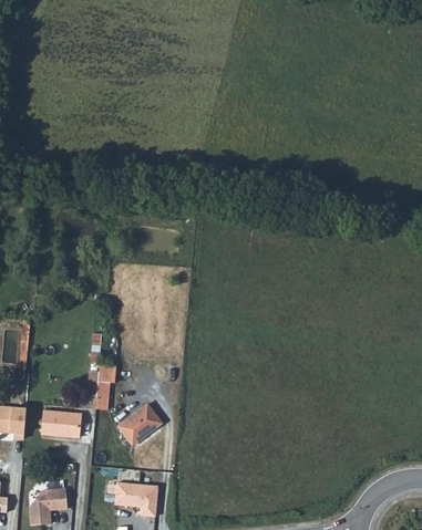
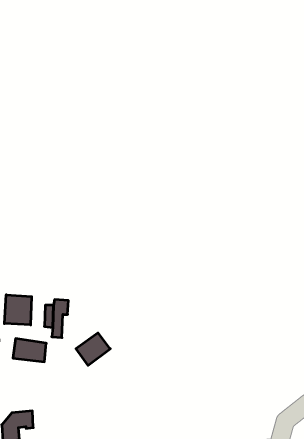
building: none -> [4,295,32,325]
building: [113,484,157,518] -> none

